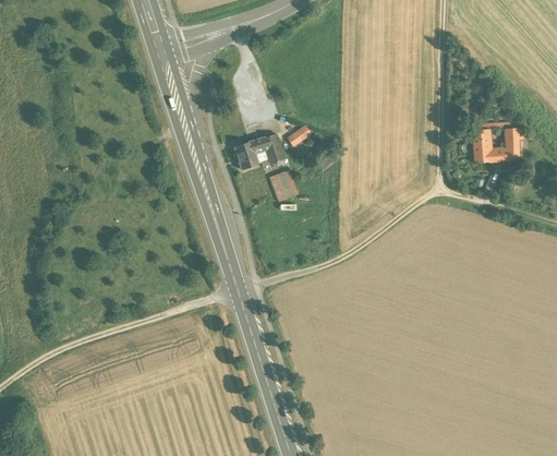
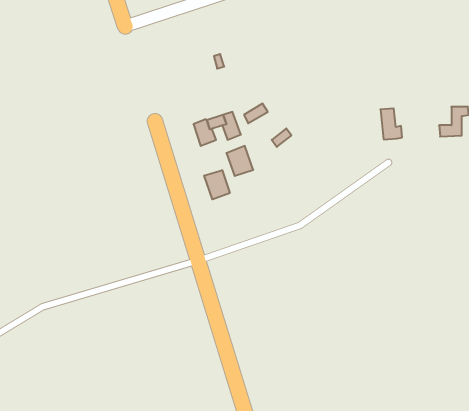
building: [472,130,495,163] -> [380,108,402,139]
building: none -> [204,170,230,199]

